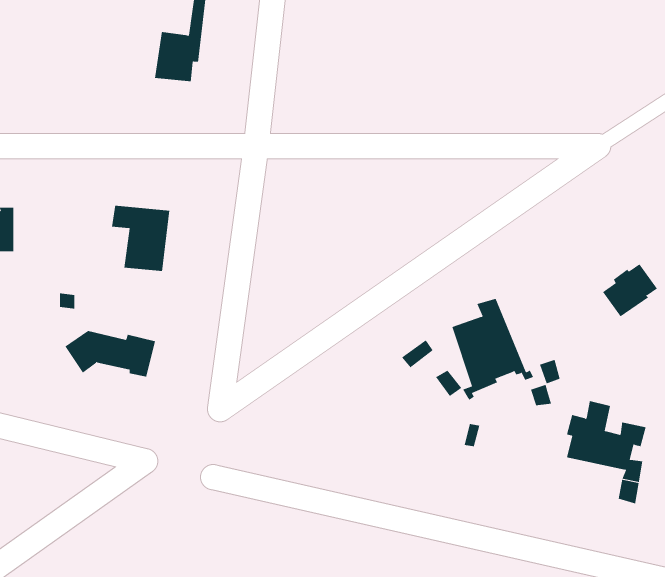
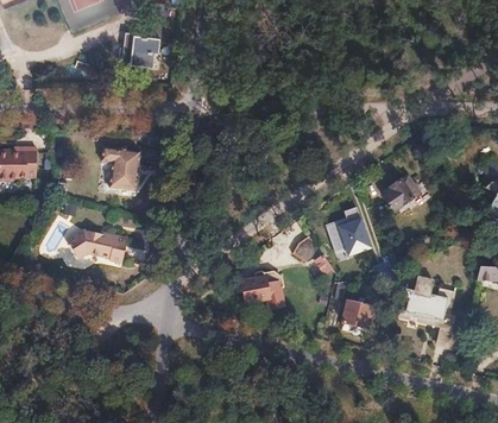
building: [602,264,658,317] -> [383,176,420,211]
building: none -> [240,270,283,305]
building: none -> [342,297,372,328]

